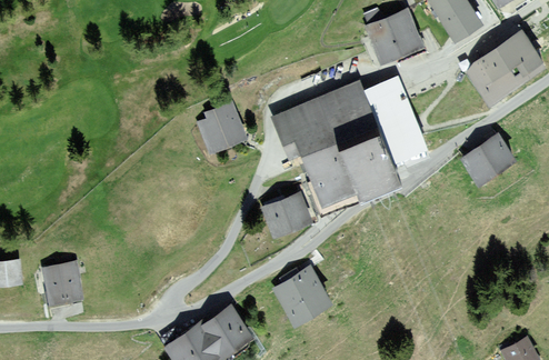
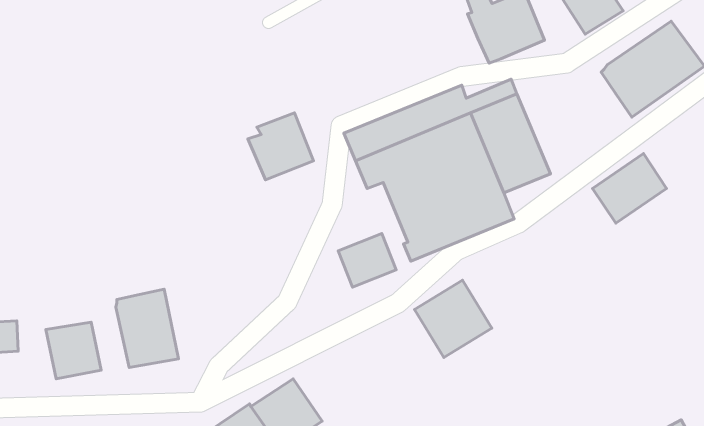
building: none -> [116,289,178,368]
building: [273,266,332,324] -> [415,280,492,357]

